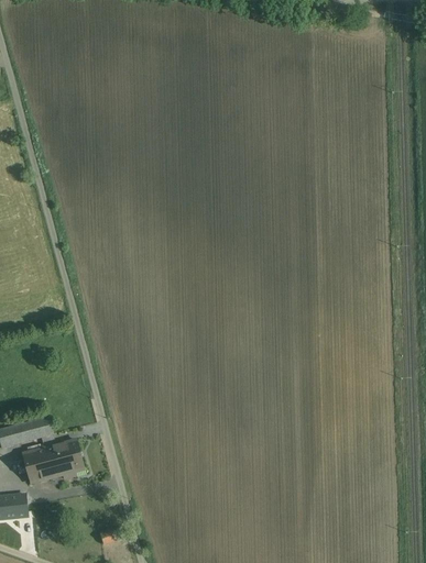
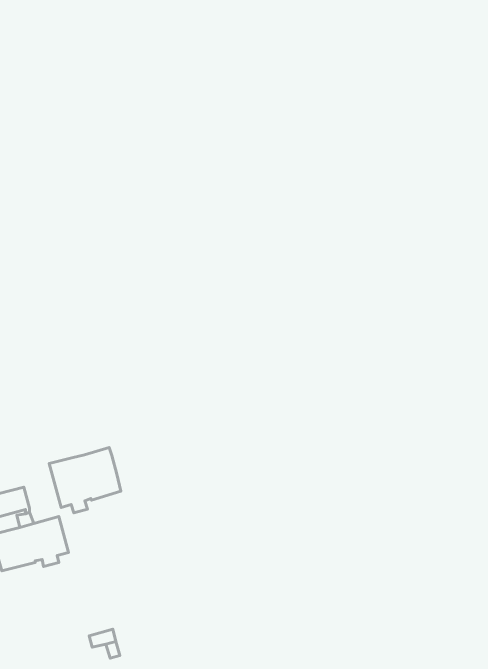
building: none -> [49,447,121,513]

